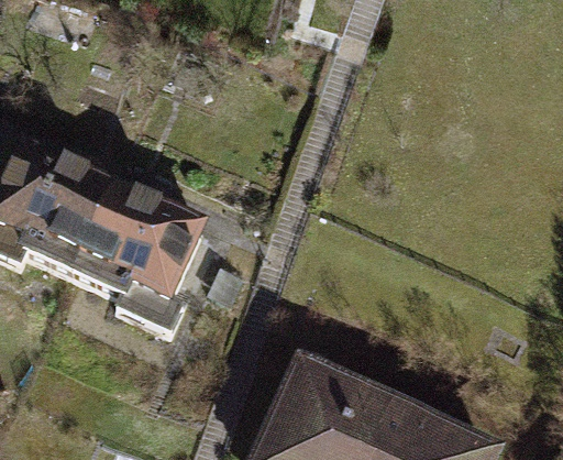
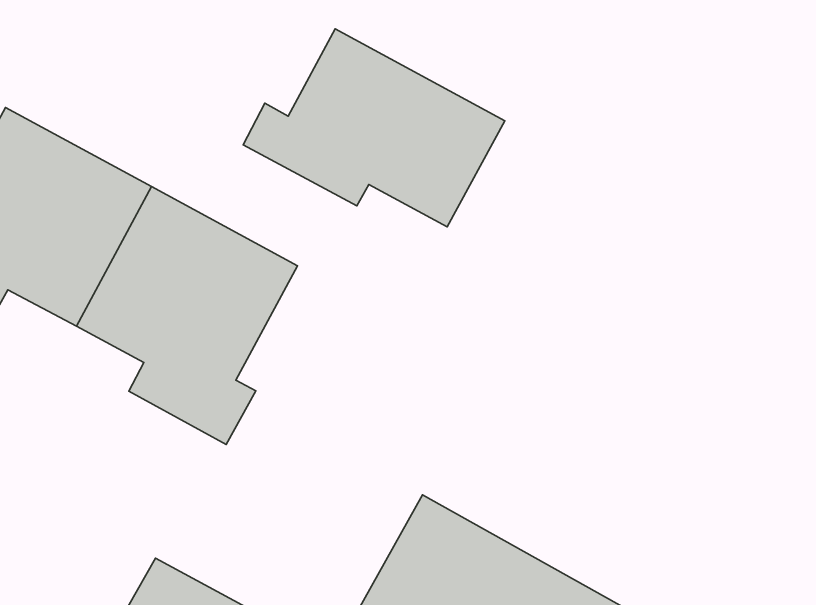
building: none -> [243,29,505,227]

